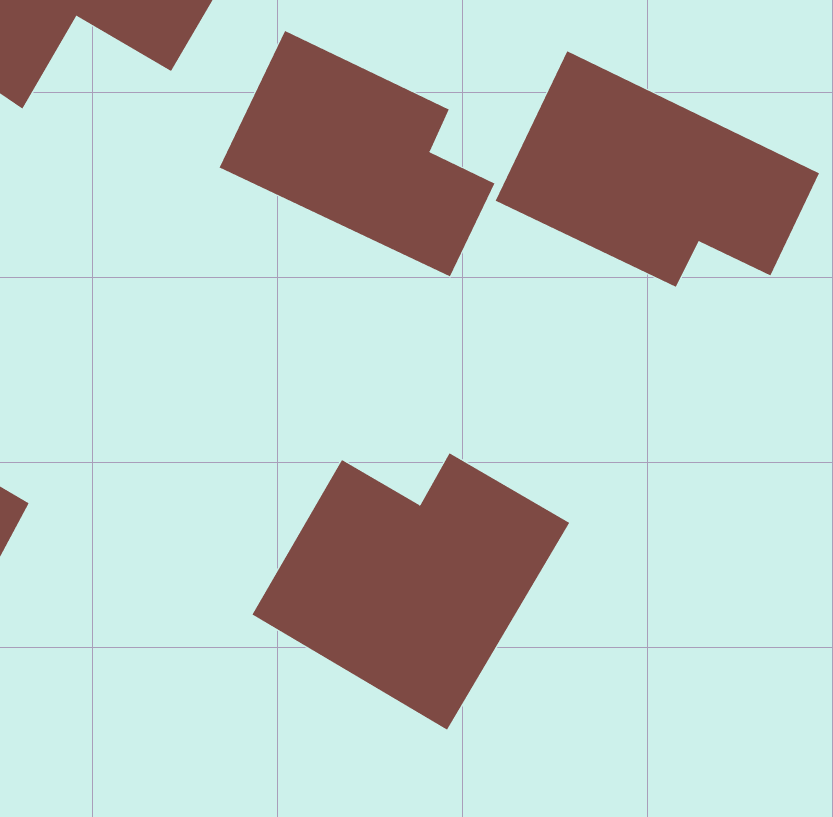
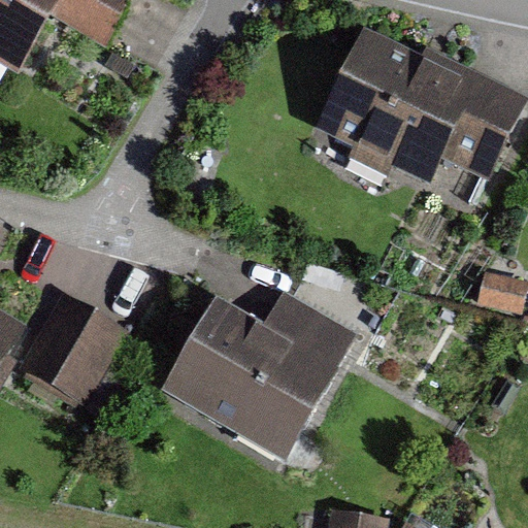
building: [219,30,495,277] -> none
building: none -> [23,297,128,407]

